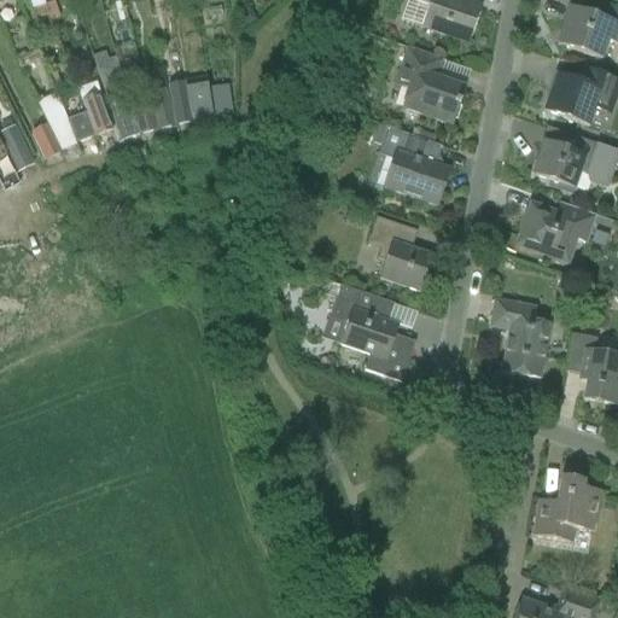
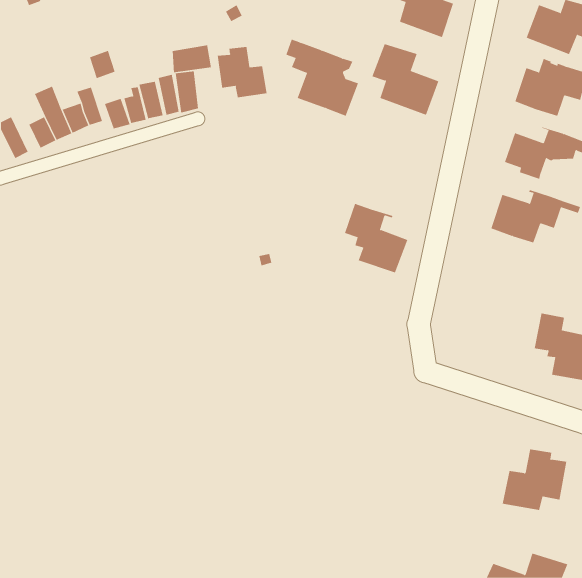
building: none -> [172,45,211,73]
building: none -> [217,46,267,98]
building: [373,121,450,203] -> [286,39,359,116]
building: [331,284,415,379] -> none
building: [491,297,549,377] -> none

